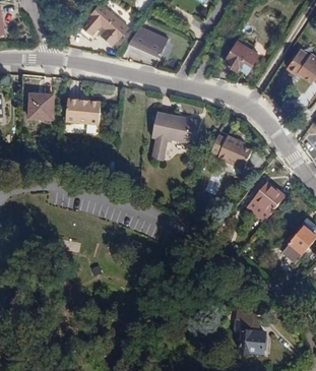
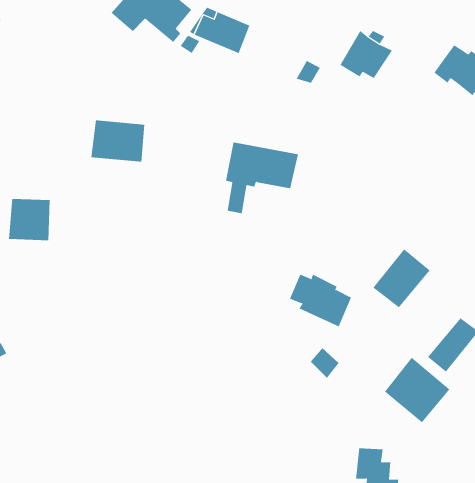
building: [25,94,53,121] -> [8,198,51,241]
building: [209,135,250,170] -> [289,274,352,327]
building: none -> [384,357,450,423]

